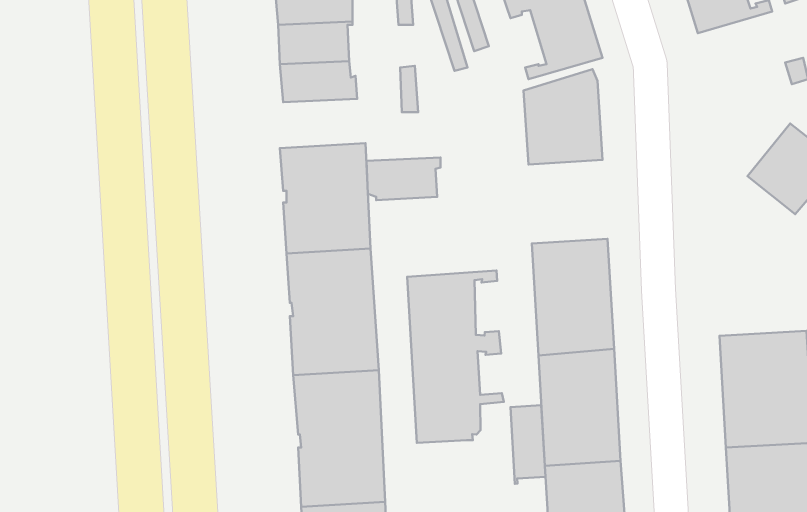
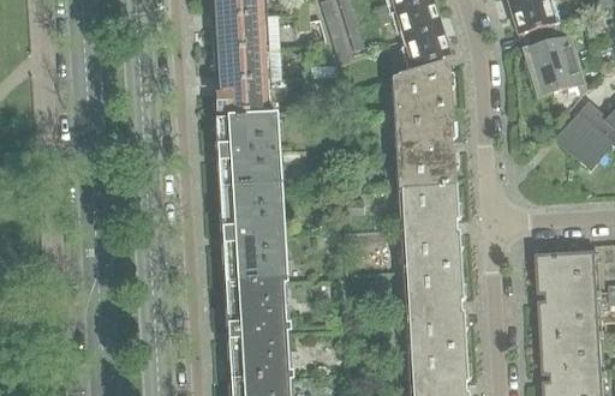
building: none -> [520,18,585,113]
building: [366,157,440,200] -> [217,82,271,113]
building: none -> [396,126,454,187]
building: [407,270,504,443] -> none
building: [510,405,545,484] -> none

